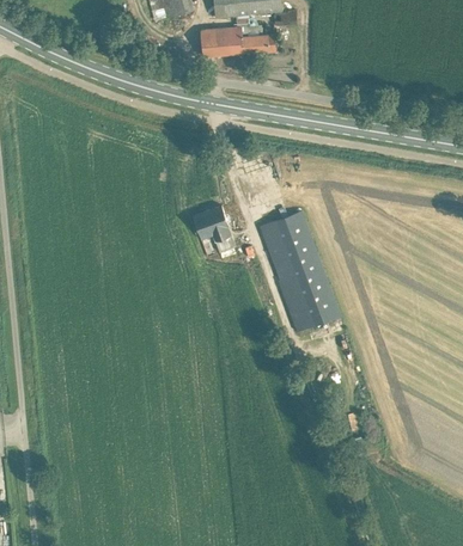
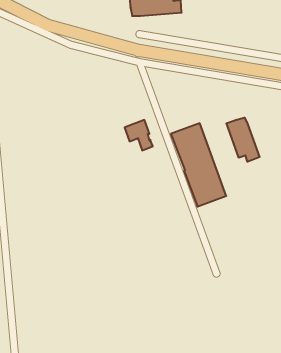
building: none -> [226,118,260,162]

